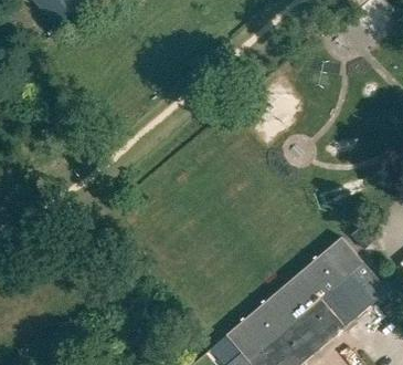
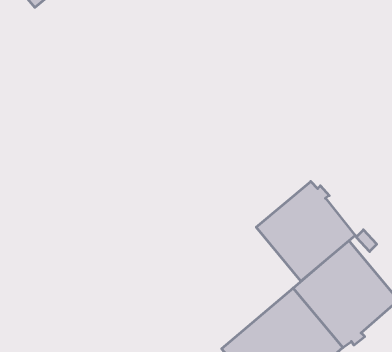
building: none -> [256,181,355,281]

